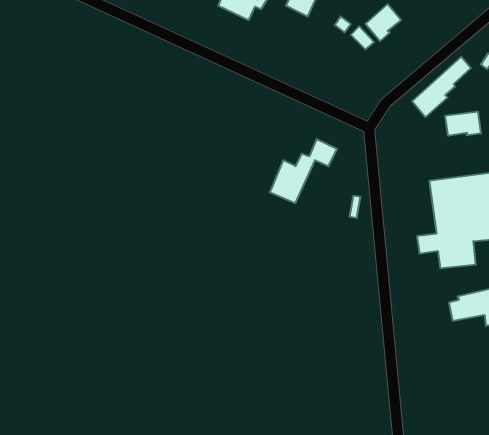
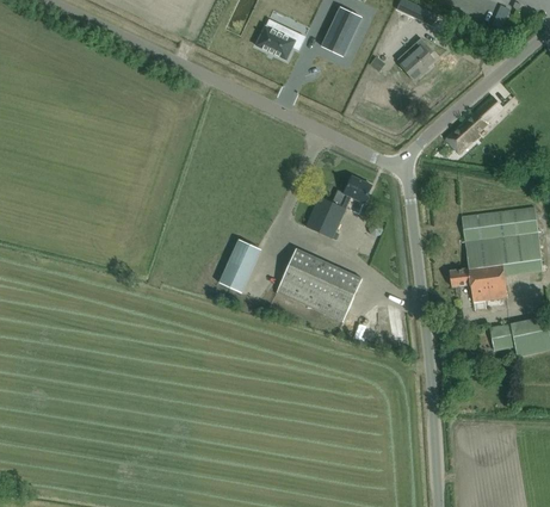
building: [445,112,481,136] -> none
building: none -> [220,239,261,292]
building: none -> [277,248,363,321]

